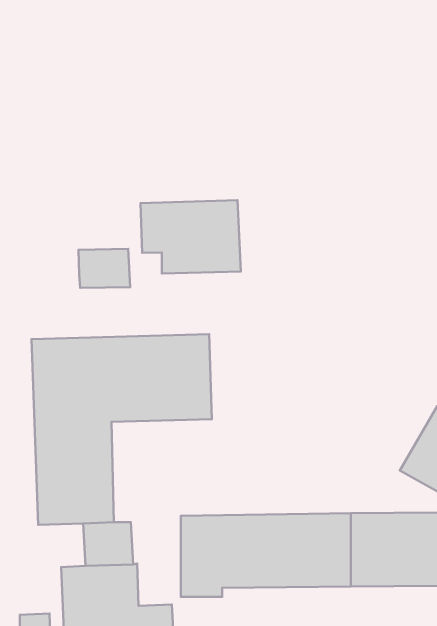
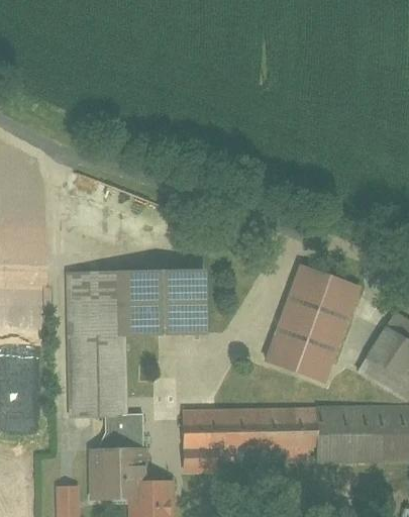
building: [140,200,241,274] -> none
building: [78,249,130,288] -> none
building: none -> [262,262,363,384]

